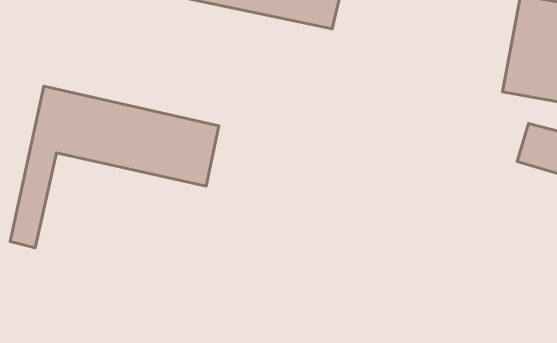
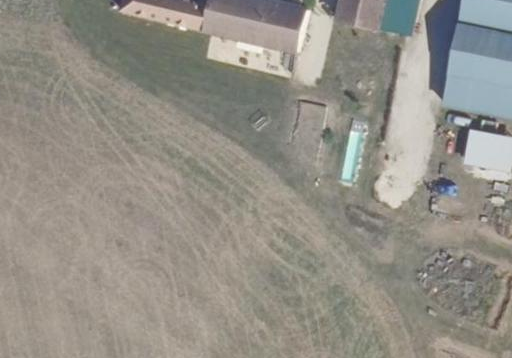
building: [10,86,219,248] -> none

